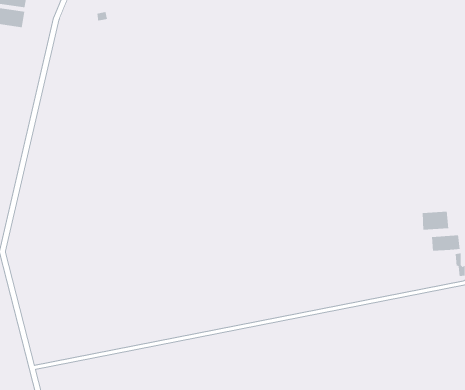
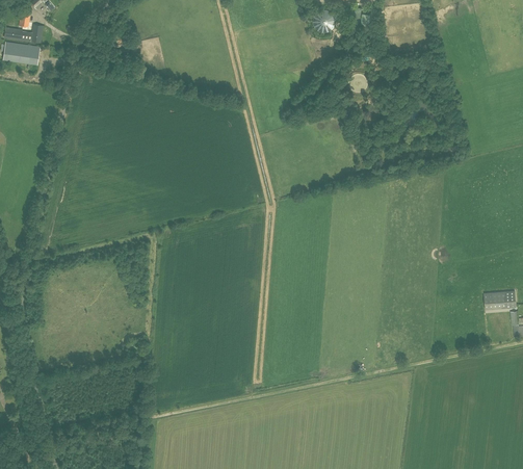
building: [422,211,449,231] -> none

